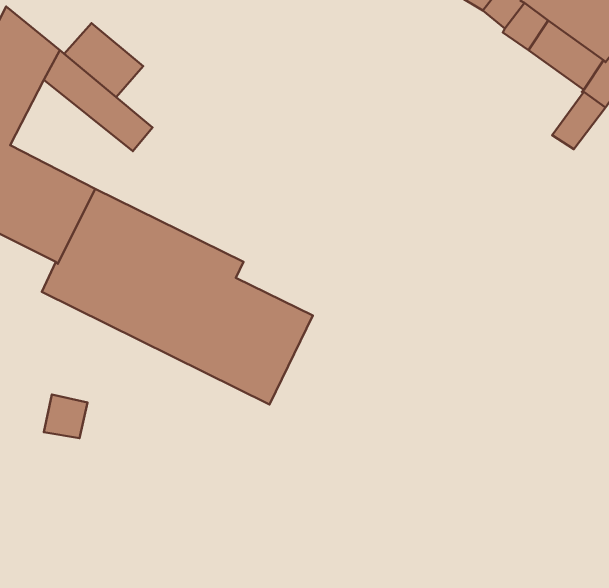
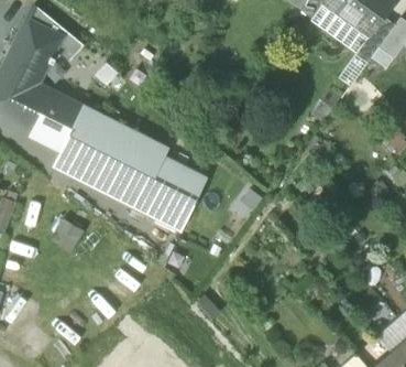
building: [64,23,143,97] -> none

